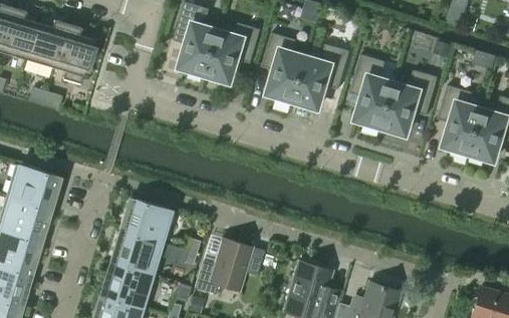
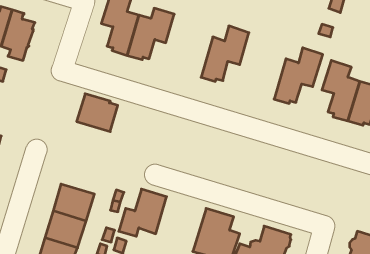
building: [262,32,307,104] -> none
building: [350,54,395,130] -> none
building: [125,199,175,244] -> [77,94,118,132]

